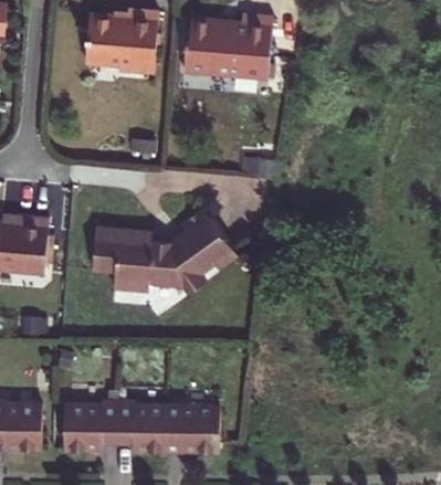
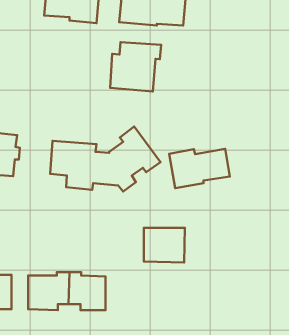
building: none -> [110,42,161,92]
building: none -> [169,149,230,188]
building: [165,405,219,451] -> [144,228,185,262]

